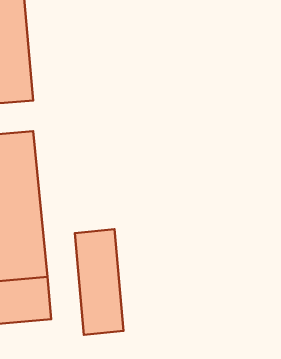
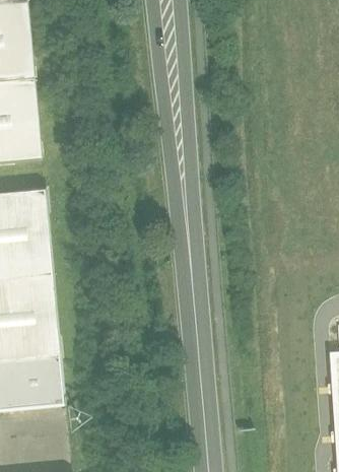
building: [75,229,124,335] -> none

